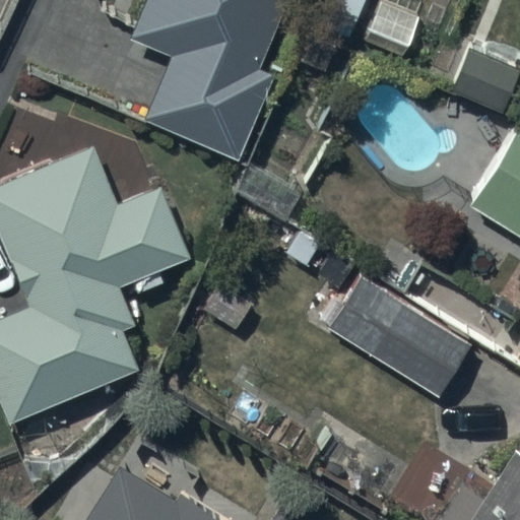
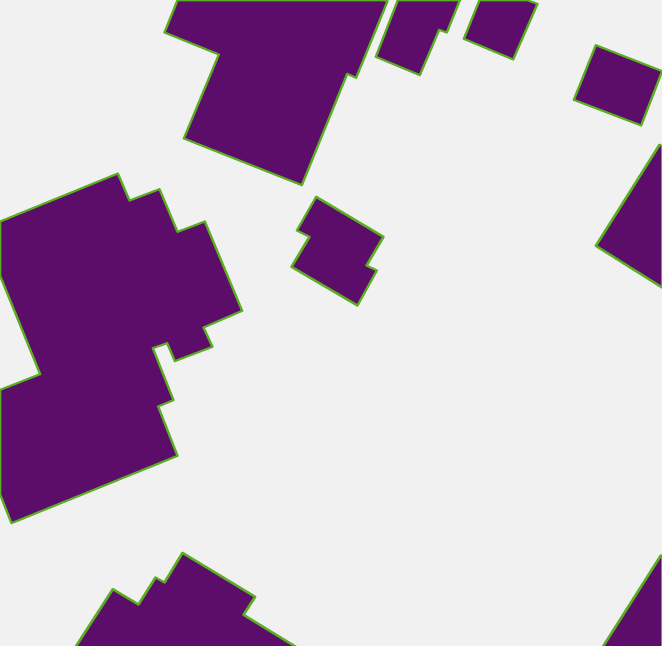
building: [318,252,470,398] -> none

